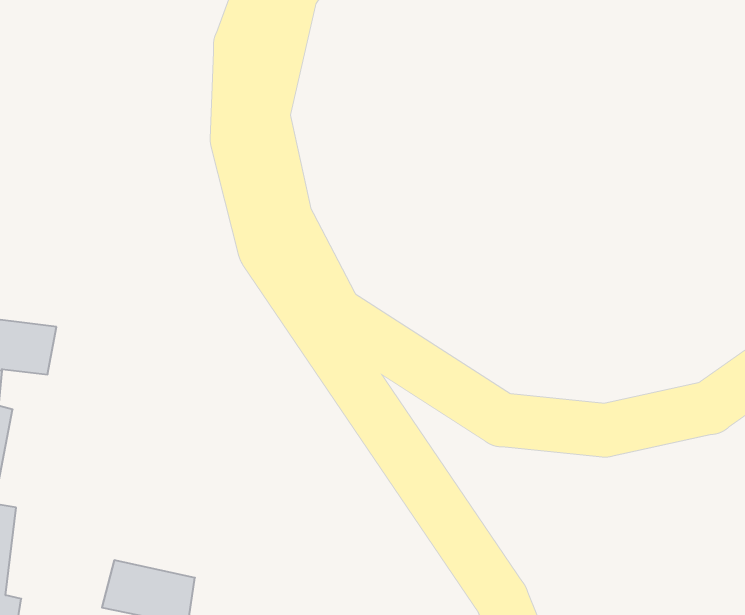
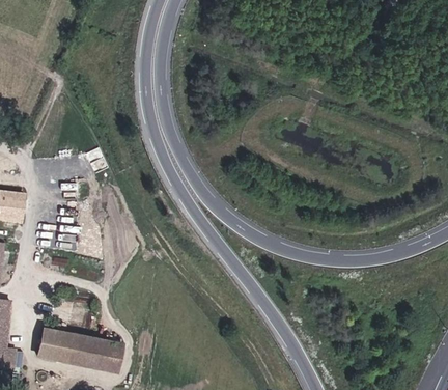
building: none -> [37,327,68,361]

